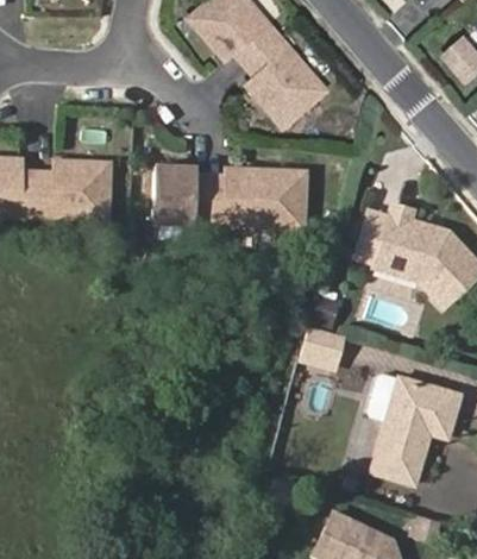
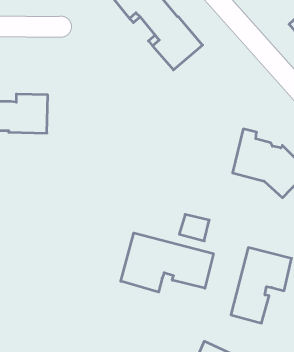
building: [152,164,302,224] -> none
building: none -> [121,233,213,292]

